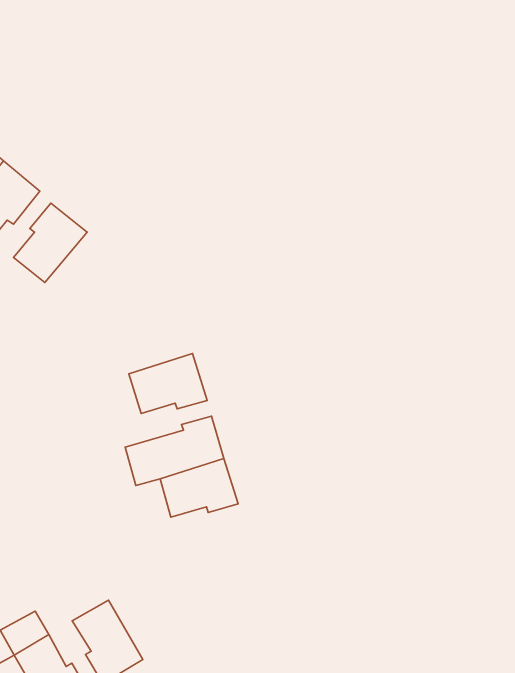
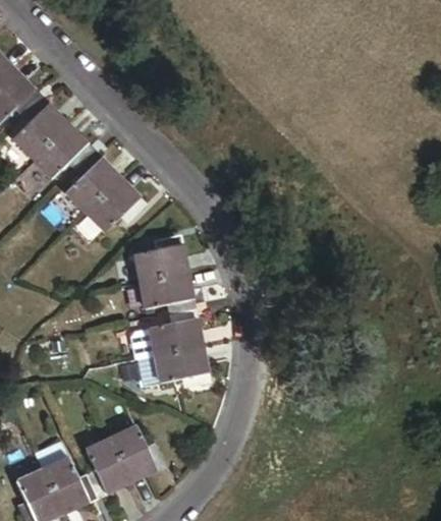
building: none -> [87,178,141,231]
building: none -> [134,240,185,280]
building: none -> [111,425,159,480]

